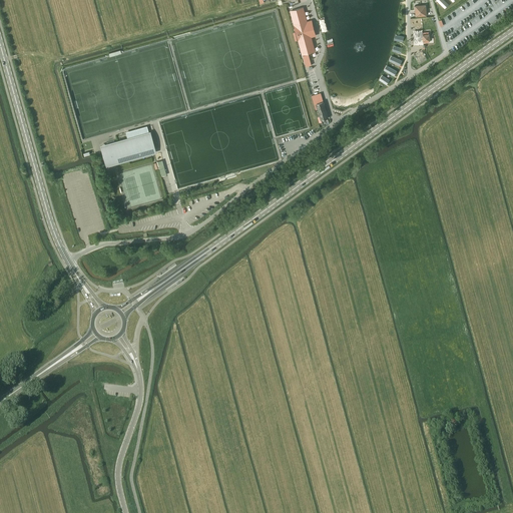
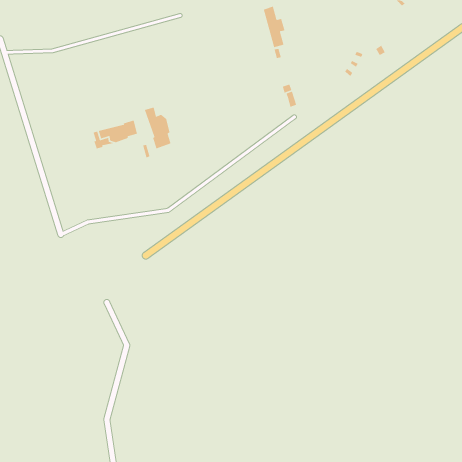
building: none -> [144,107,172,149]

